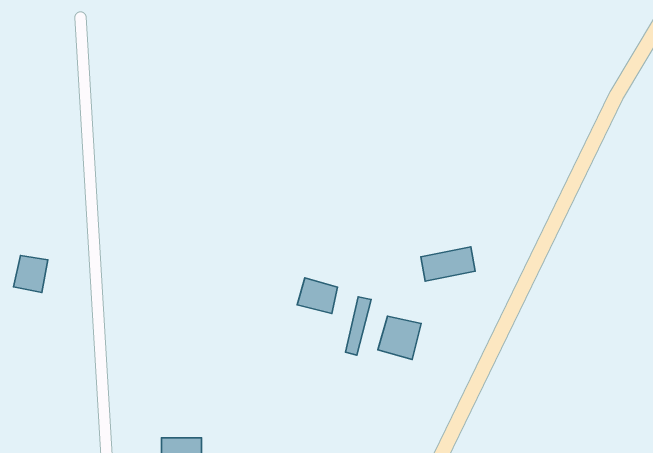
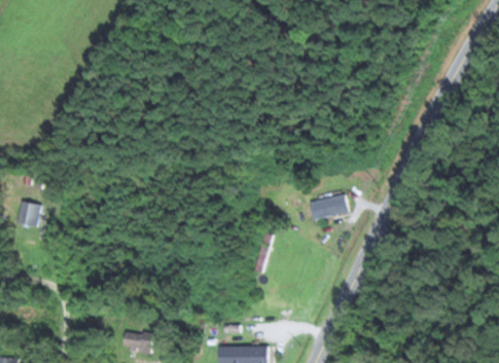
building: [297,278,337,314] -> none
building: [378,316,421,360] -> none

